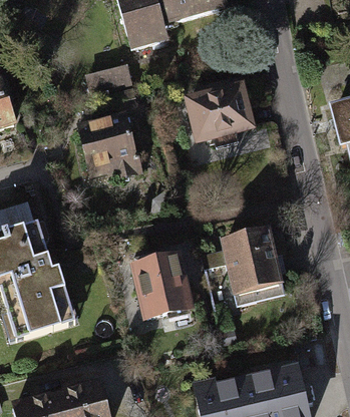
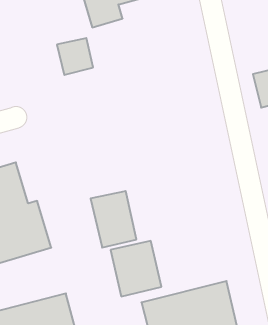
building: [185,82,257,148] -> none
building: [76,112,138,175] -> none
building: [221,227,283,295] -> [111,241,161,296]

